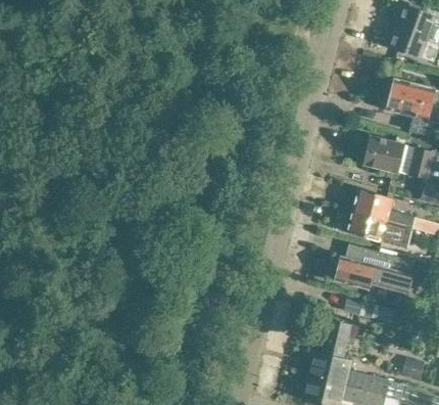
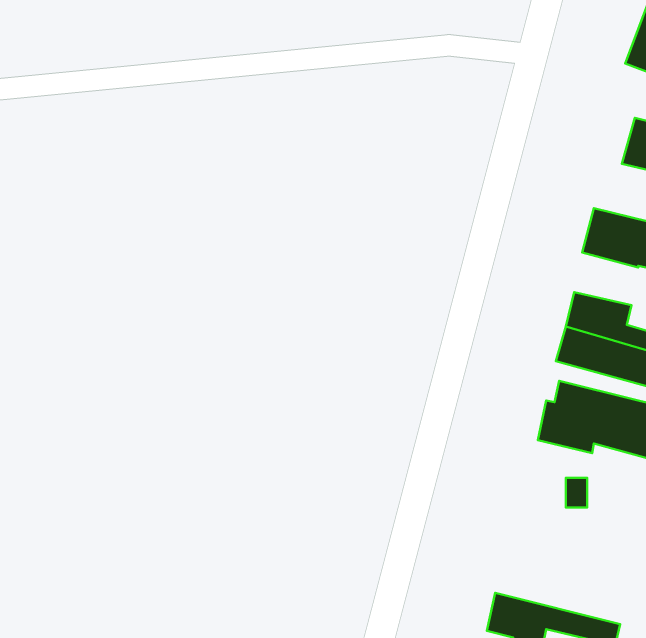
building: [308,320,389,395] -> none

